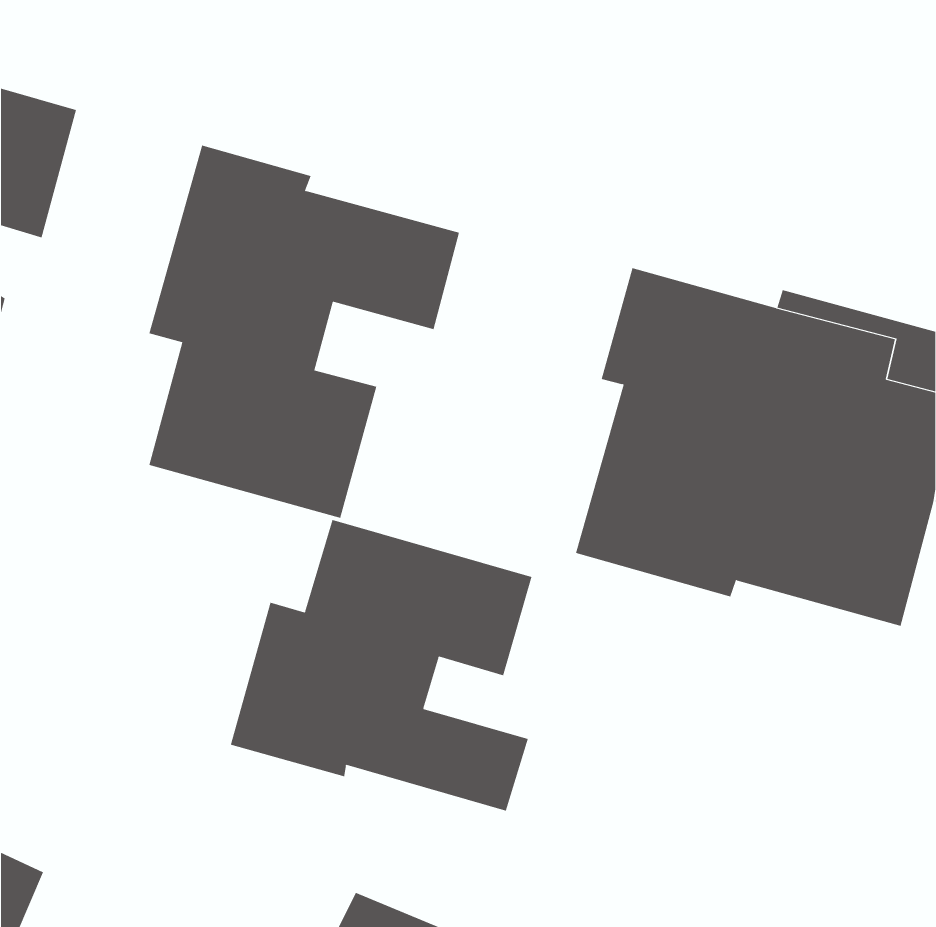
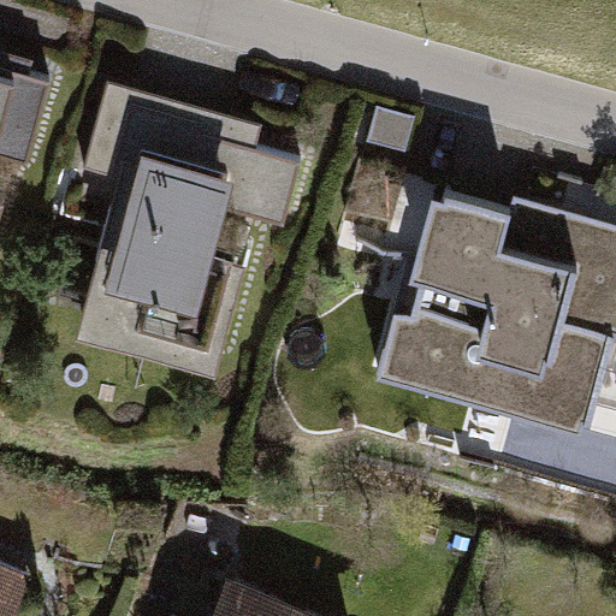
building: [230,519,532,811] -> none

